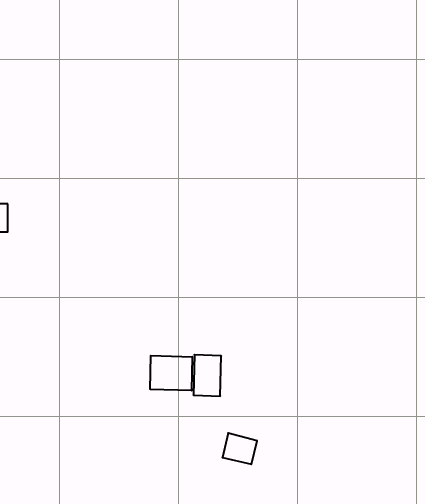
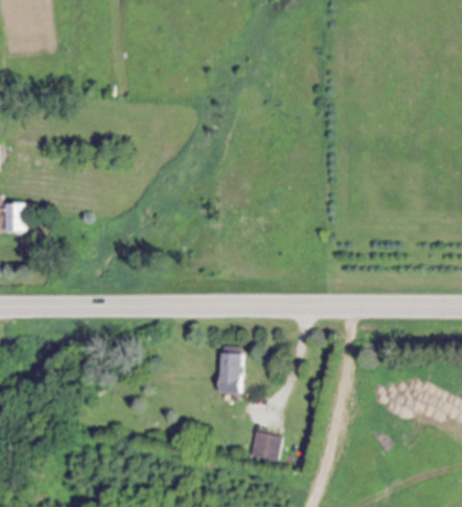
building: [150,356,192,391] -> none

